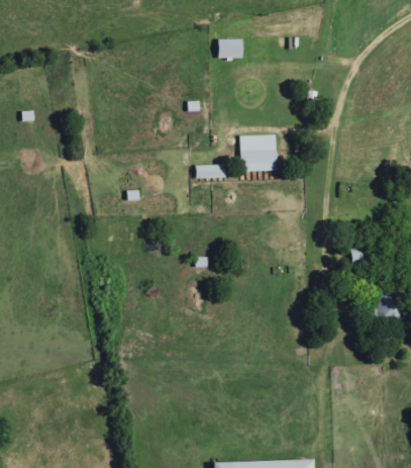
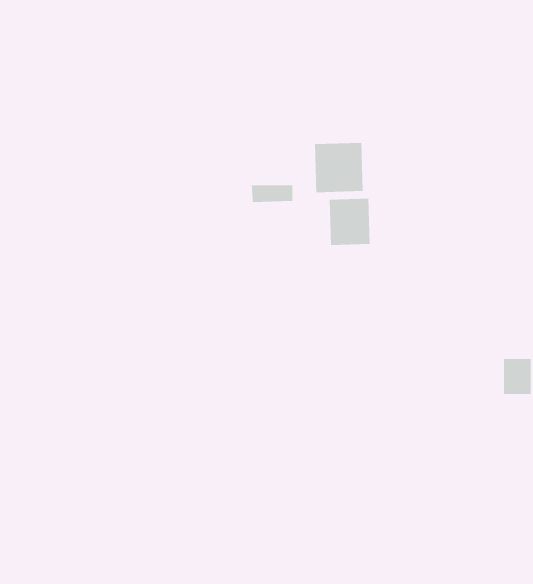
building: [219,38,243,59] -> none
building: none -> [329,198,371,246]

